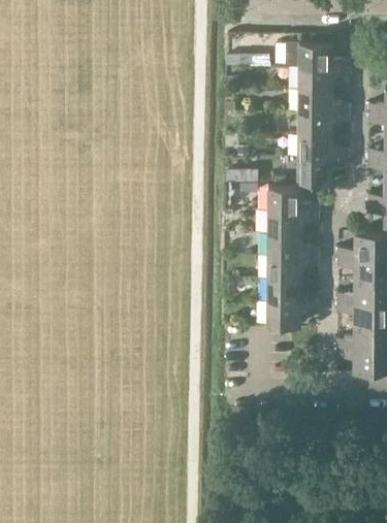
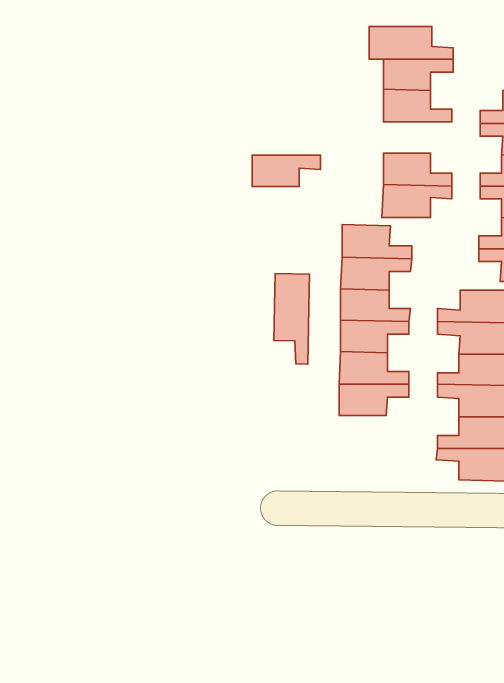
building: [298,113,348,136] -> [252,155,320,187]
building: none -> [274,274,310,364]

